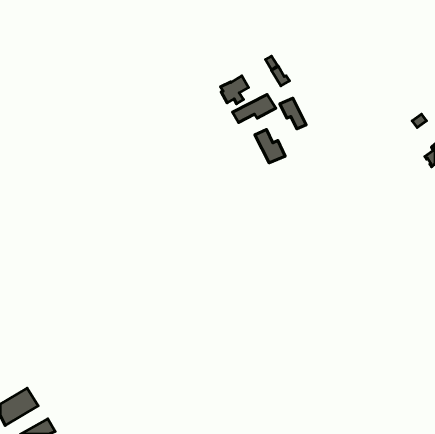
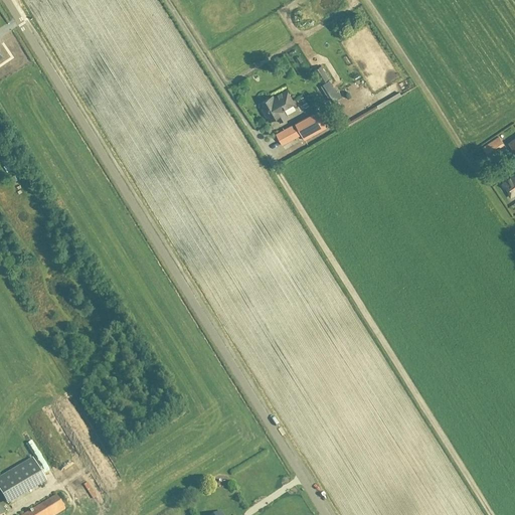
building: [280,98,306,129] -> none
building: [255,130,285,163] -> none

